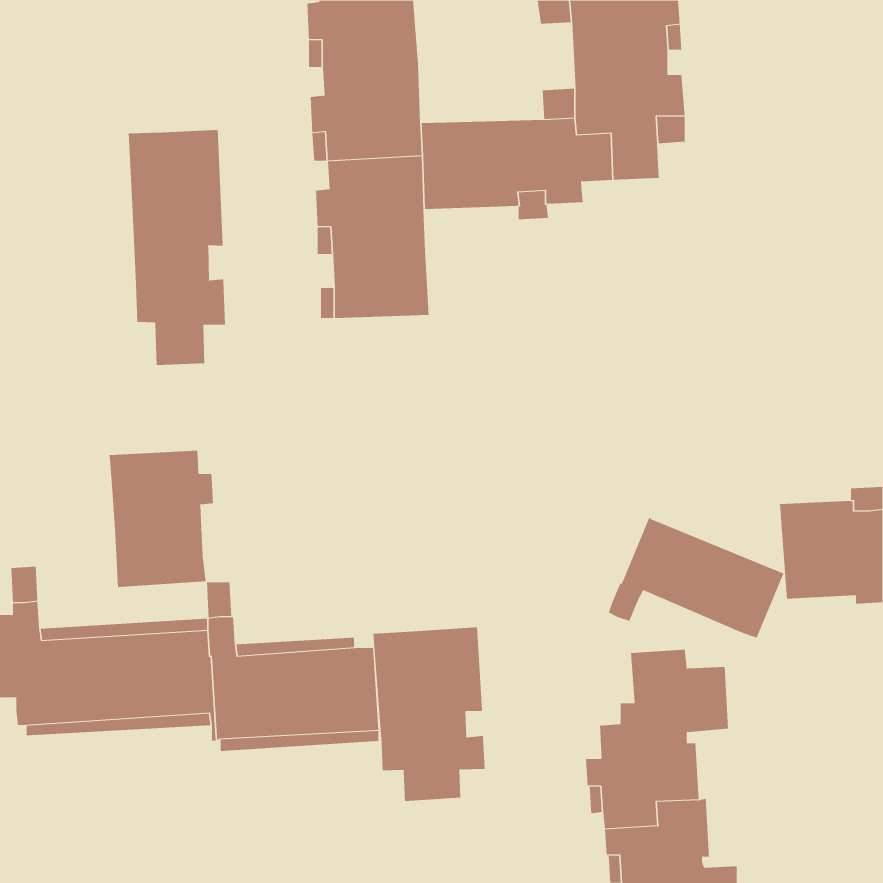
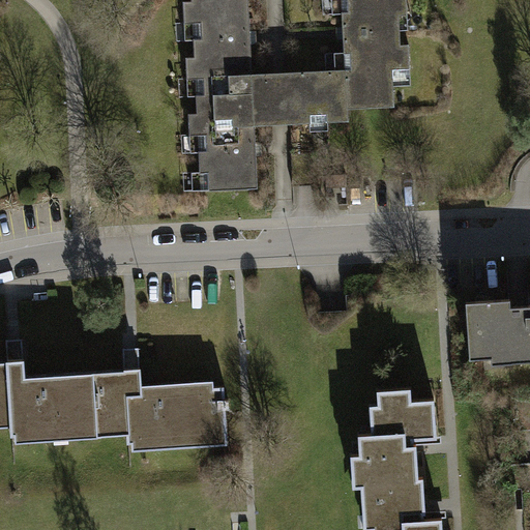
building: [128,129,225,366] -> none
building: [109,450,214,588] -> none
building: [608,517,784,639] -> none
building: [373,627,485,802] -> none

